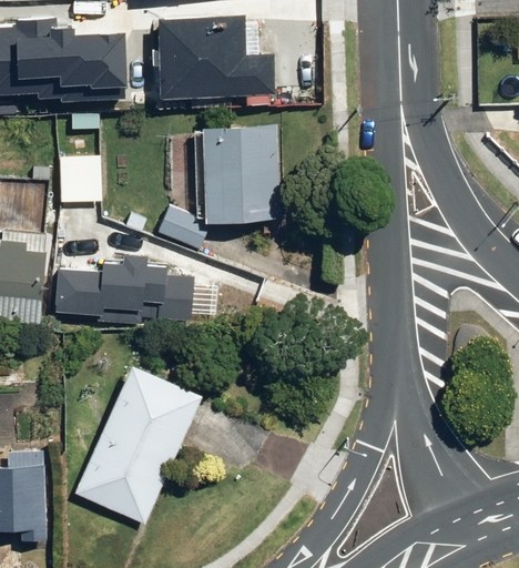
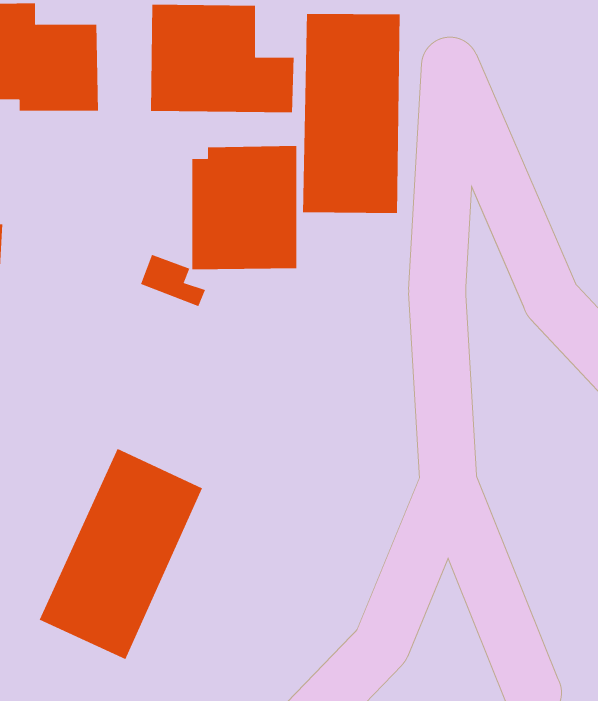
building: none -> [303,13,400,214]
building: [55,253,187,324] -> none

